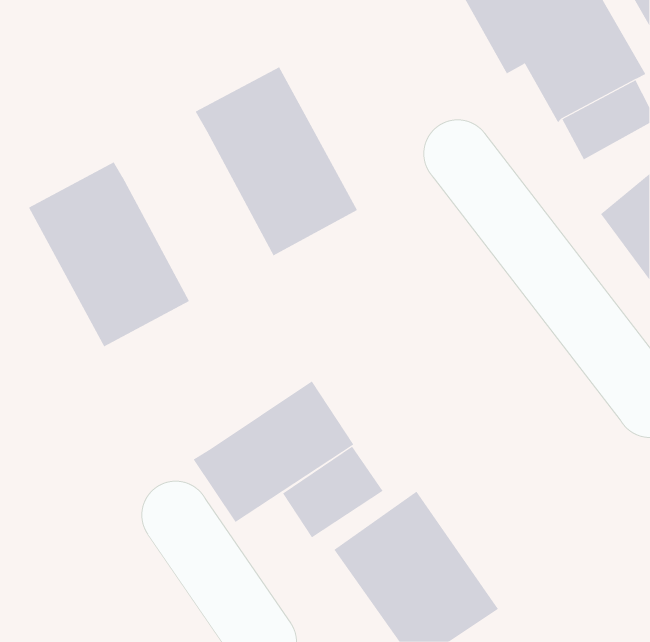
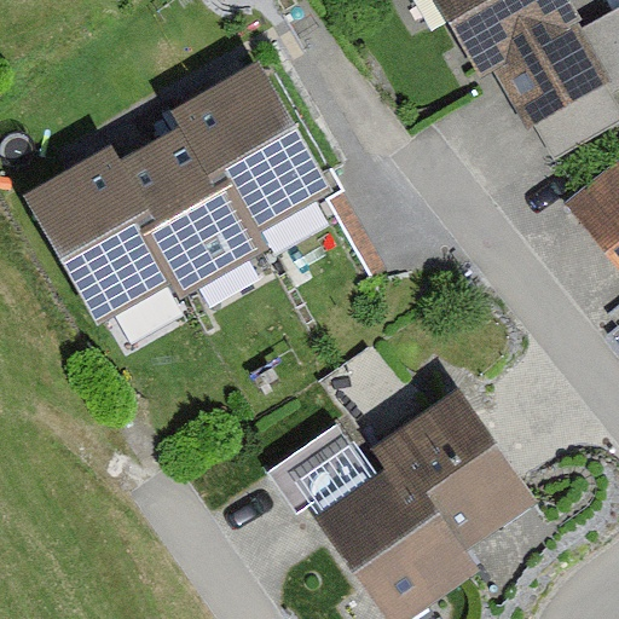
building: none -> [116,125,267,301]
building: [193,381,354,523] -> none
building: none -> [377,388,534,554]

